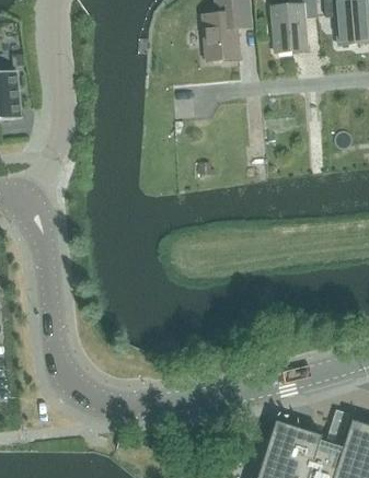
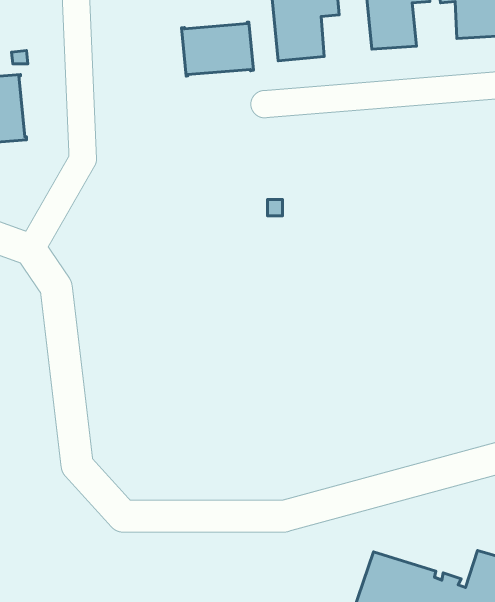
building: none -> [181,22,254,76]

